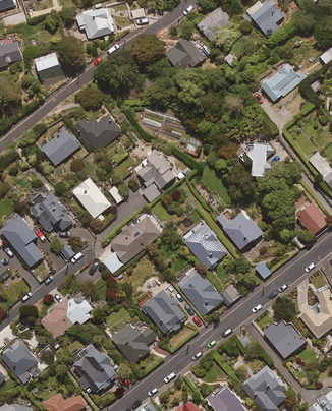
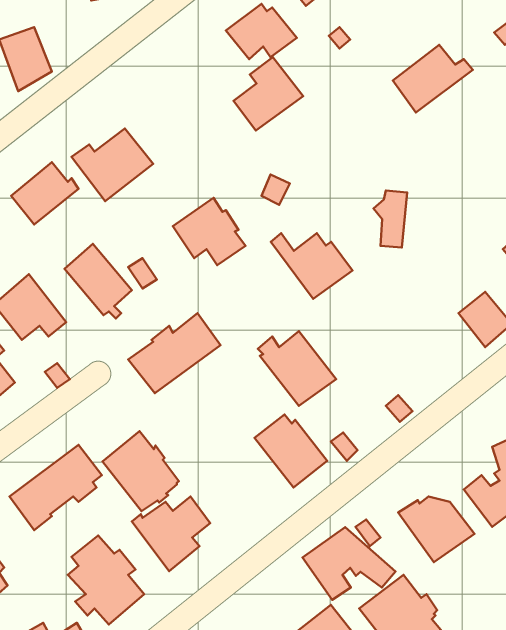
building: none -> [234,57,303,131]
building: [216,213,263,250] -> [271,233,352,299]
building: [143,289,186,335] -> [102,431,179,511]
building: none -> [302,527,396,600]

